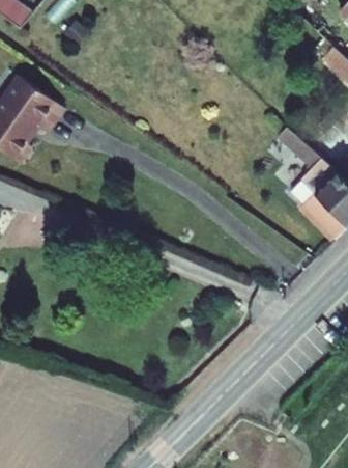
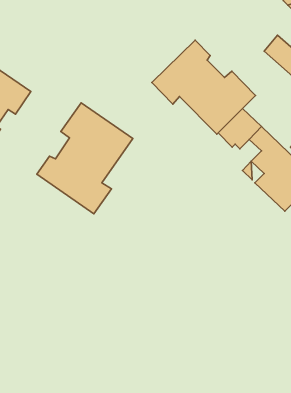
building: none -> [152,40,256,134]
building: none -> [37,103,133,214]

